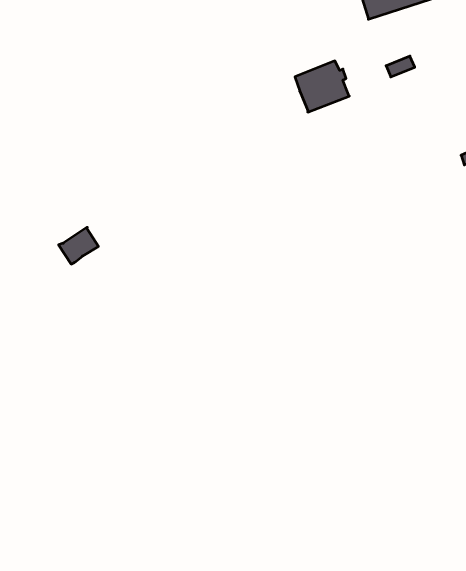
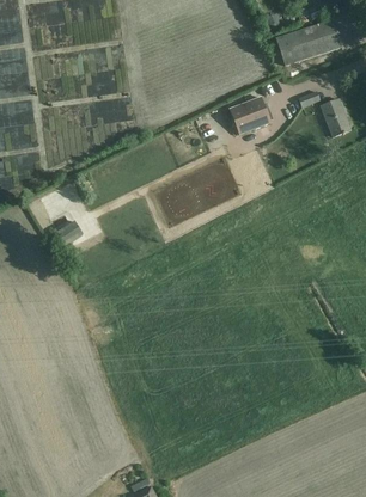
building: none -> [319,98,350,136]

